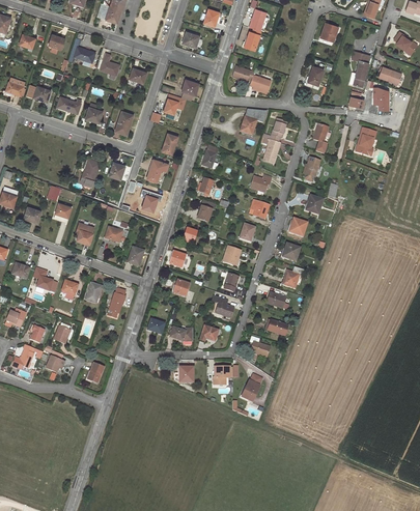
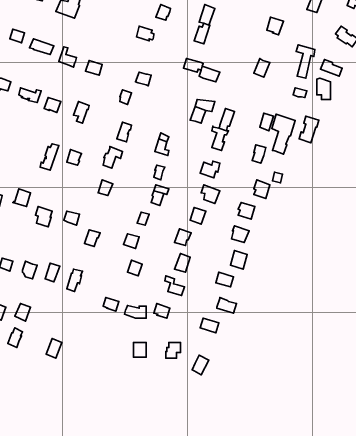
building: none -> [272,114,295,154]

